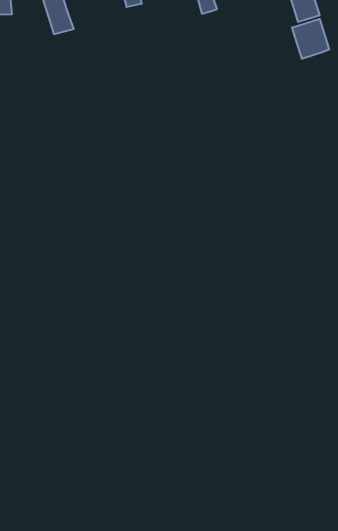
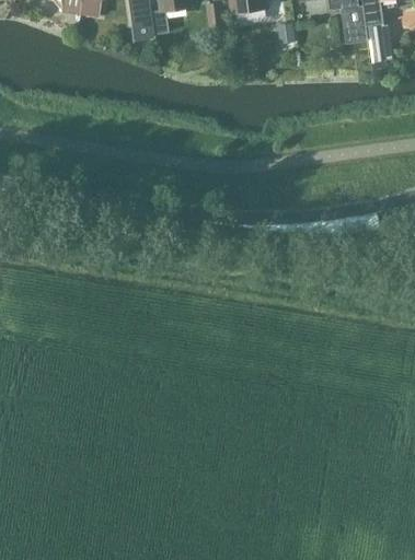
building: [292,19,329,59] -> none

